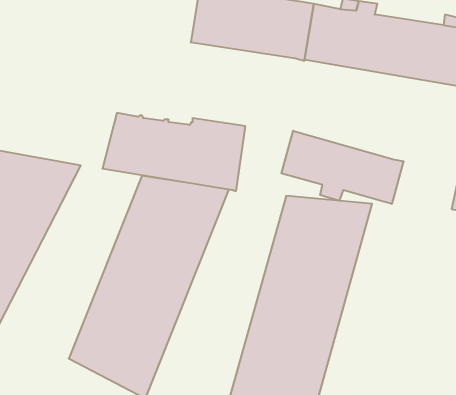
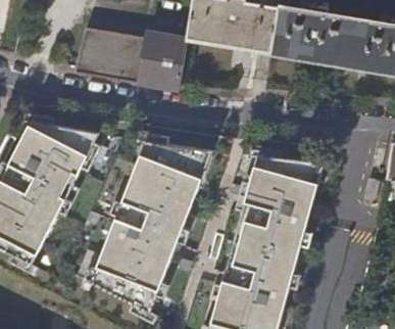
building: [102,113,245,191] -> [73,29,184,89]
building: [281,131,404,204] -> none

